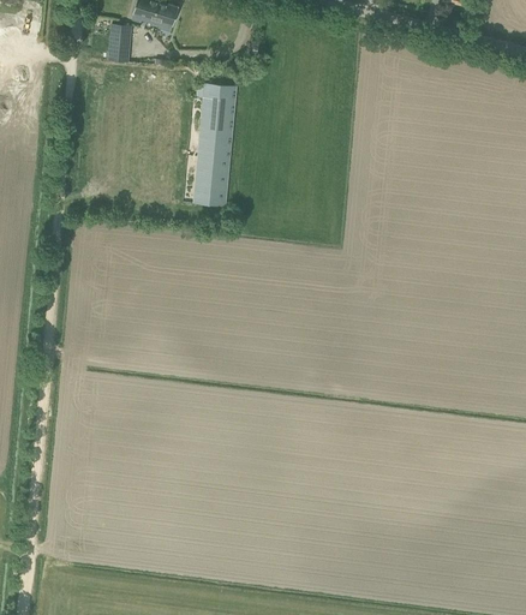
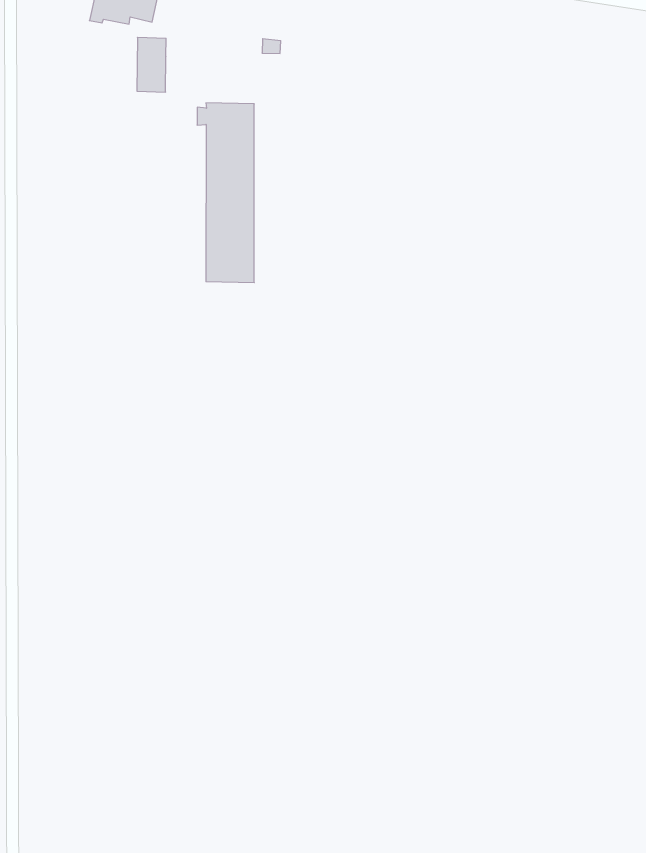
building: [107,24,130,62] -> [137,37,166,92]

